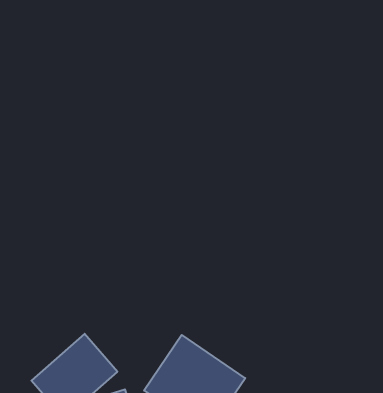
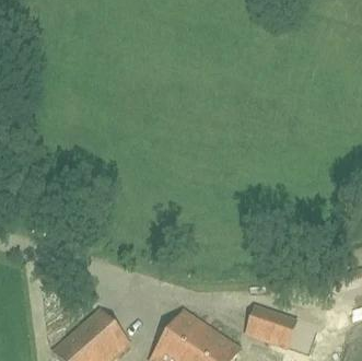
building: none -> [246,305,295,343]

